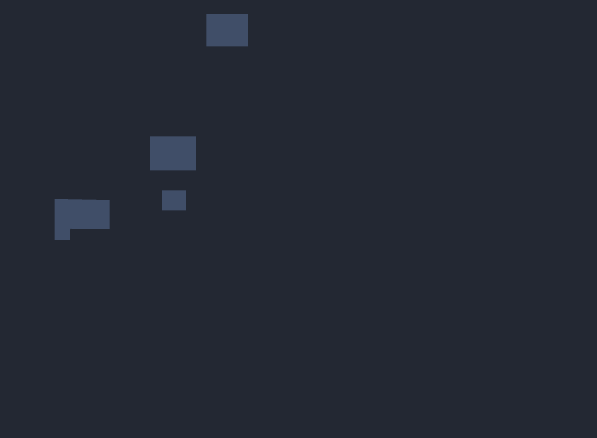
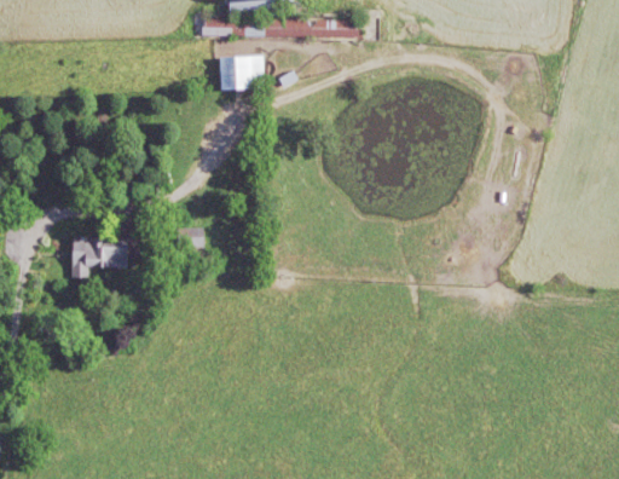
building: [150,135,196,171] -> none

